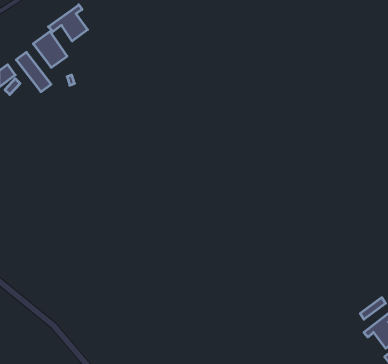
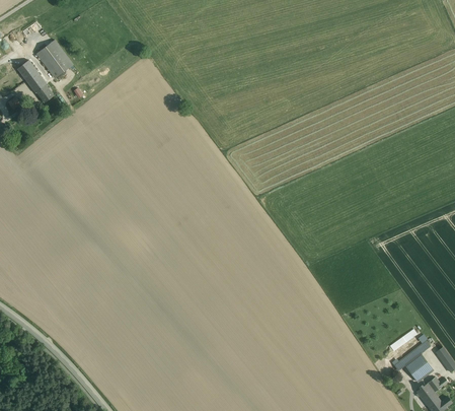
building: [48,5,88,41] -> none

